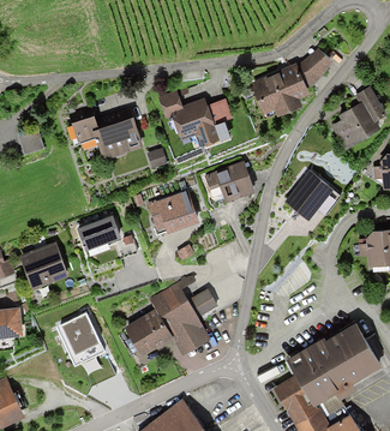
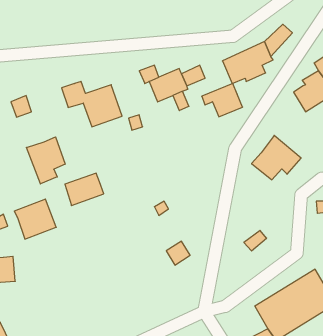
building: [209,163,254,200] -> [202,83,243,117]
building: none -> [26,137,65,184]
building: [150,192,199,233] -> none
building: [126,280,210,355] -> none
building: [56,315,107,370] -> none

